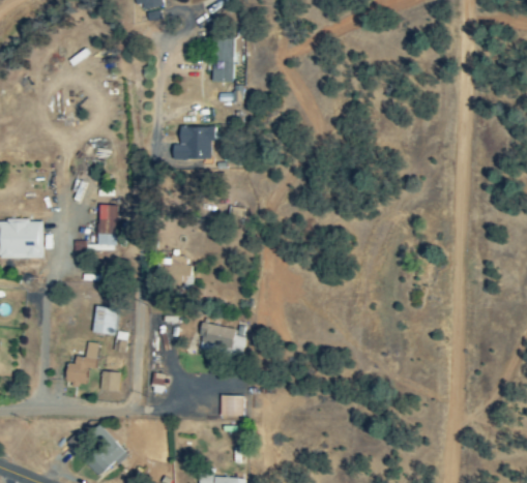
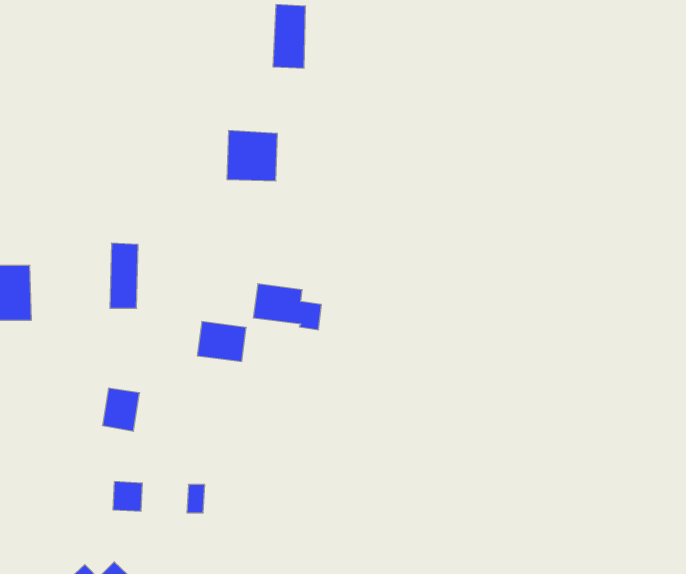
building: [197,323,244,355] -> [253,284,321,330]
building: [65,341,98,384] -> none
building: [221,394,243,416] -> none

